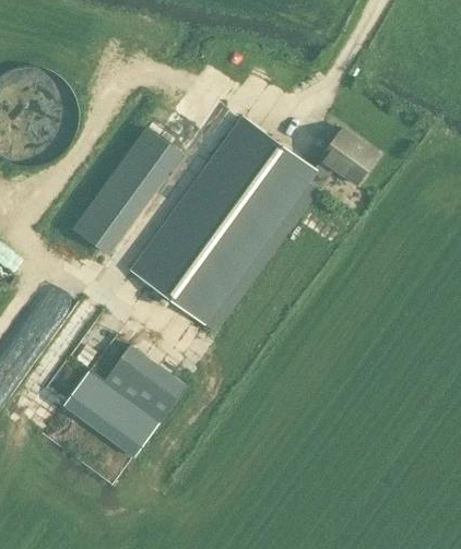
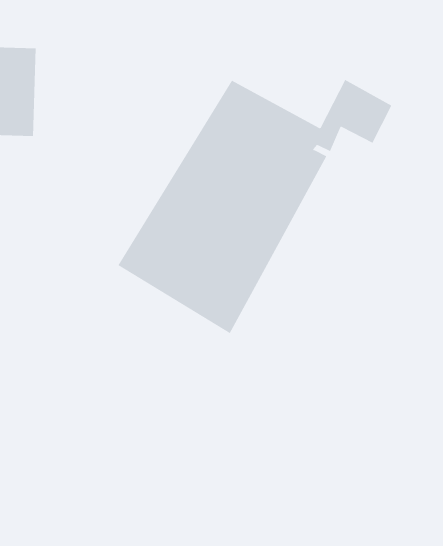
building: [69,129,179,256] -> none
building: [62,345,187,458] -> none

